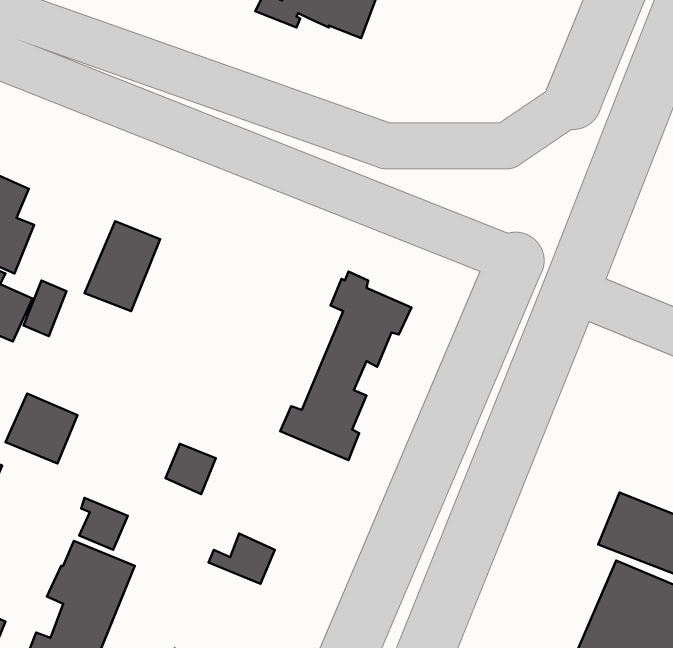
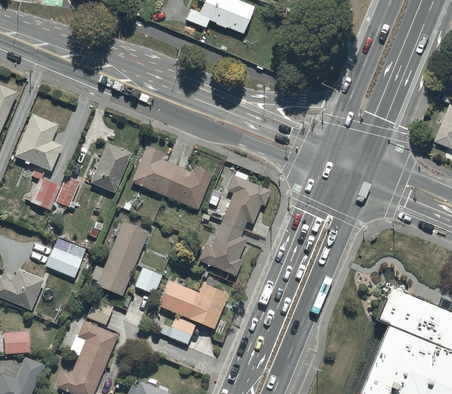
building: none -> [133,145,213,209]
building: none -> [91,220,149,294]
building: none -> [158,279,230,328]

